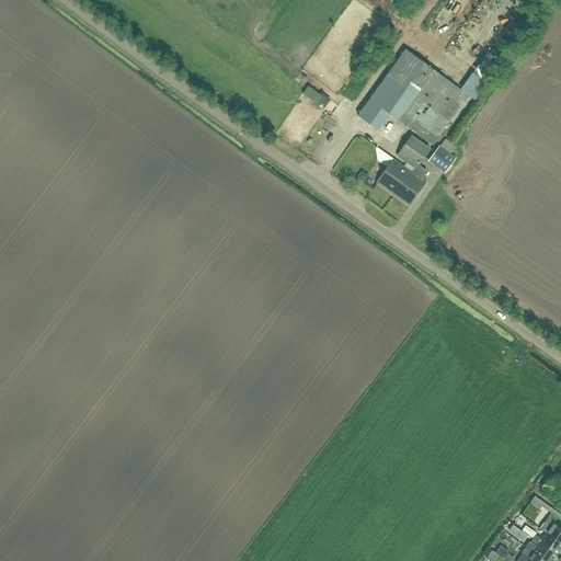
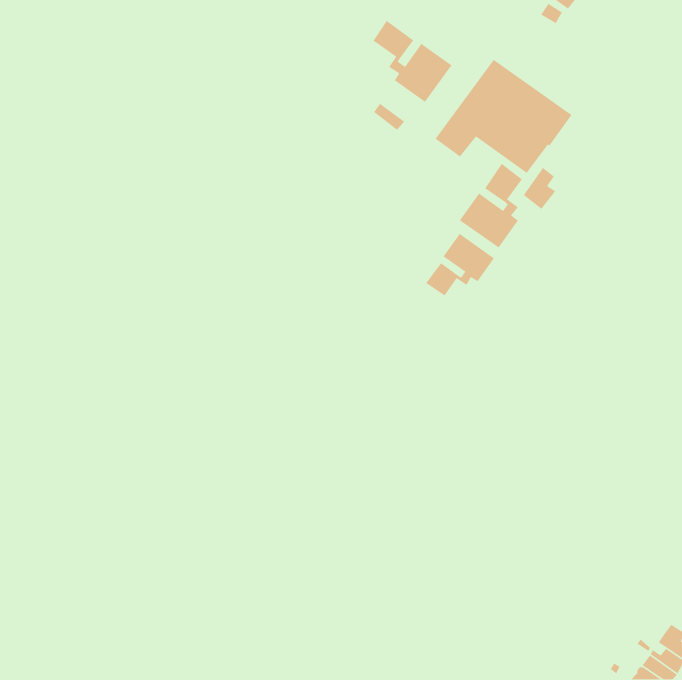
building: none -> [372,20,453,103]
building: none -> [425,233,495,296]

